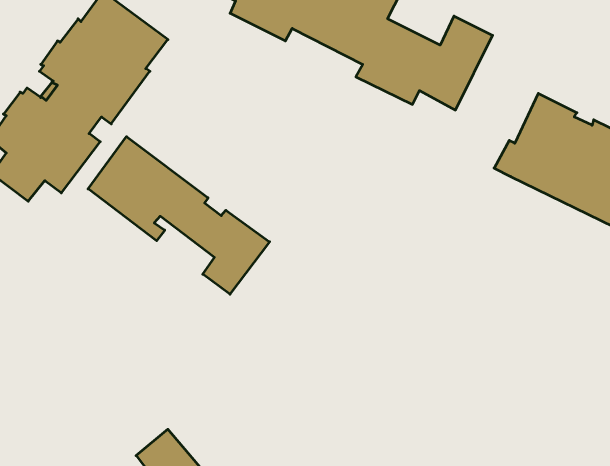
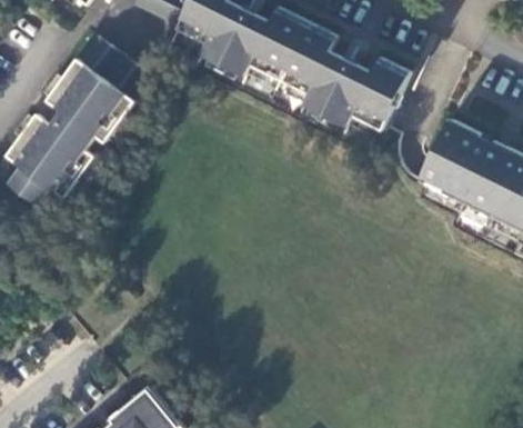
building: [88,137,270,294] -> none

